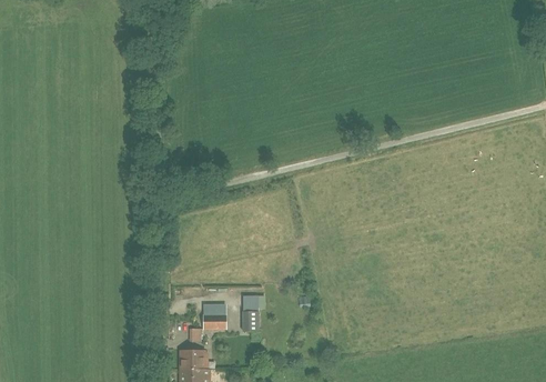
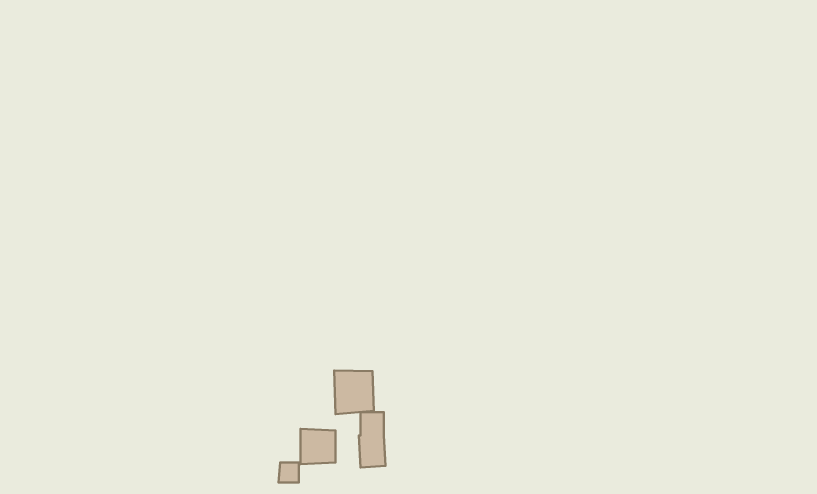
building: none -> [334,370,374,414]

